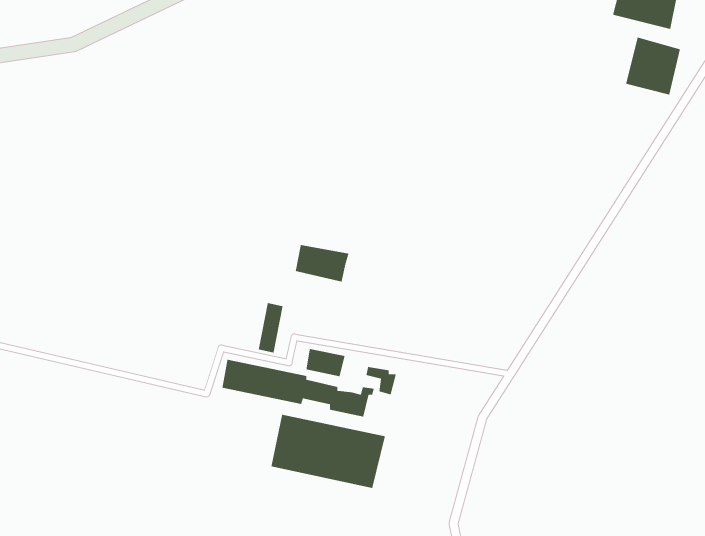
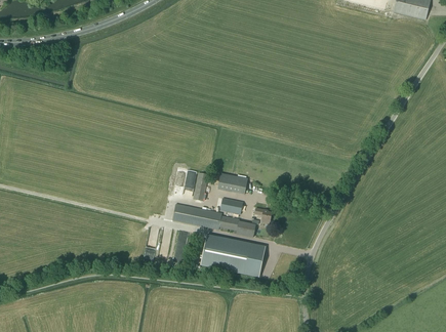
building: [625,36,681,95] -> none
building: [295,244,350,282] -> [216,172,247,194]

